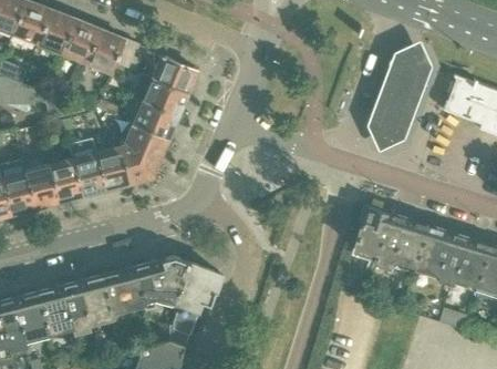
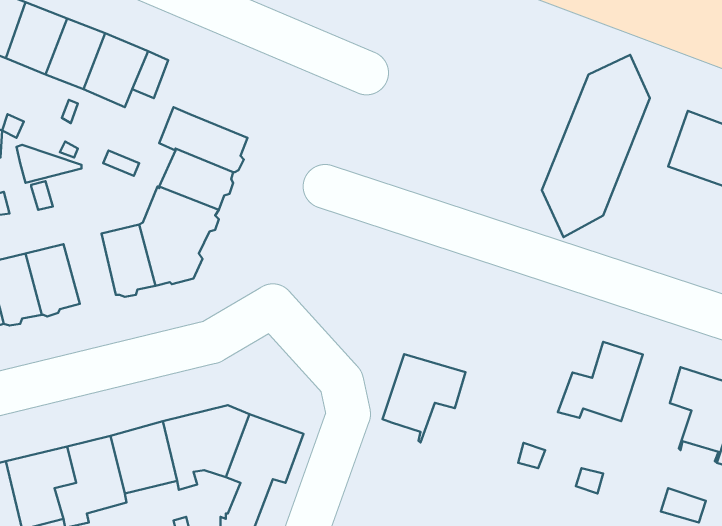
building: [151,55,198,93] -> none
building: [73,146,105,196] -> none
building: [353,207,404,262] -> [382,354,465,443]
building: [415,226,458,284] -> none

